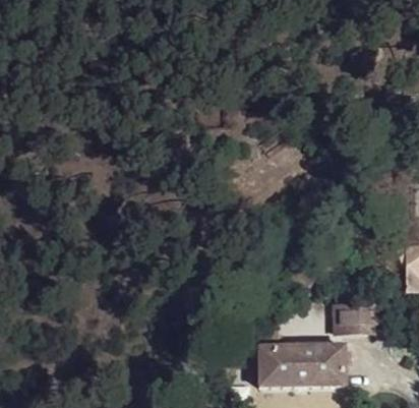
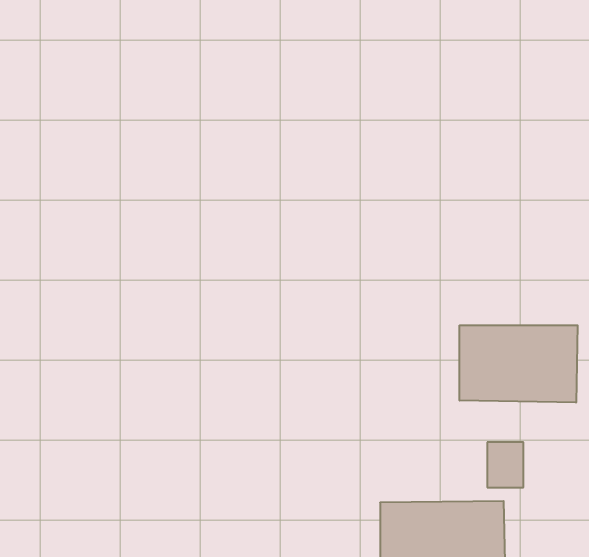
building: none -> [460,325,578,403]

